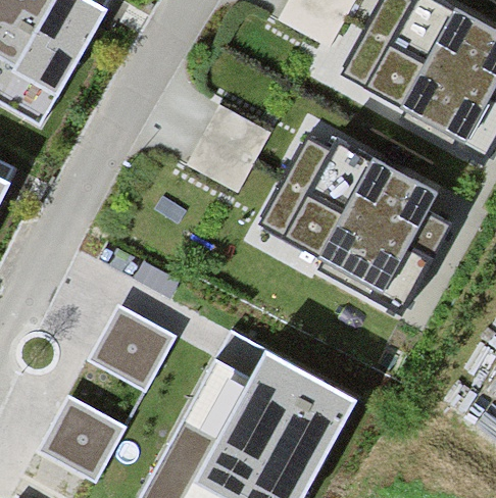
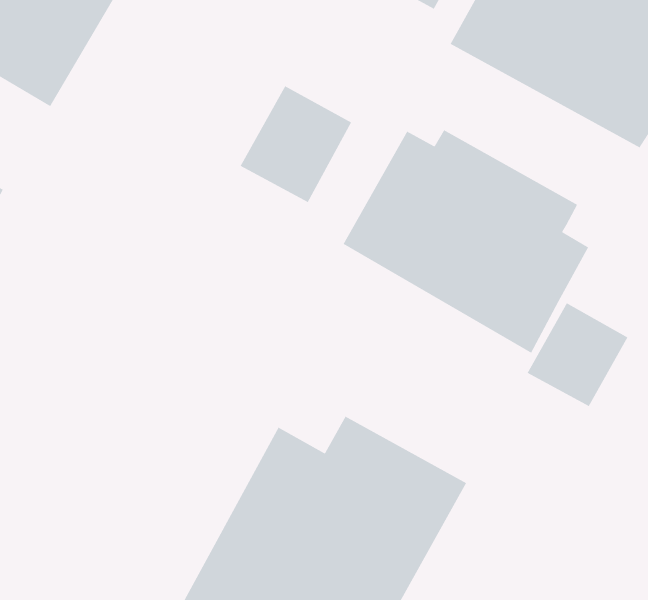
building: none -> [526,302,628,407]
building: [88,305,176,391] -> none
building: [39,395,127,482] -> none

